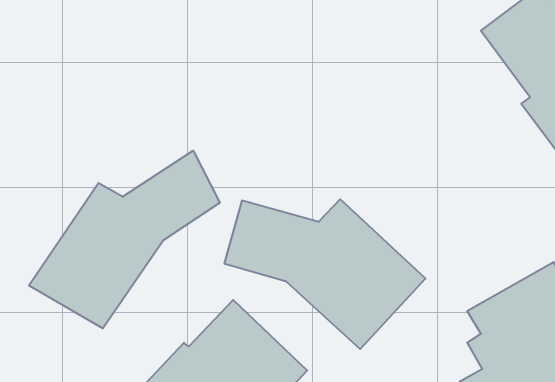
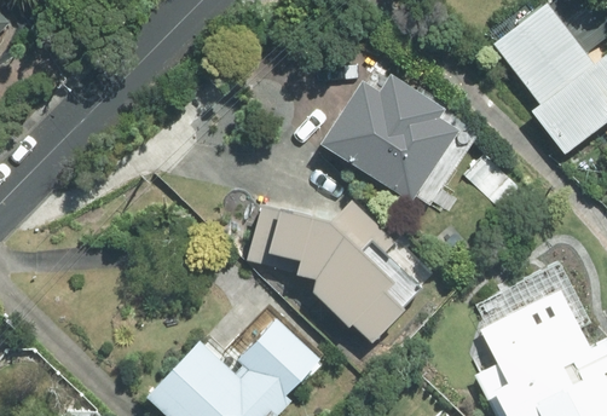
building: none -> [316,67,478,216]
building: [29,151,220,328] -> none

